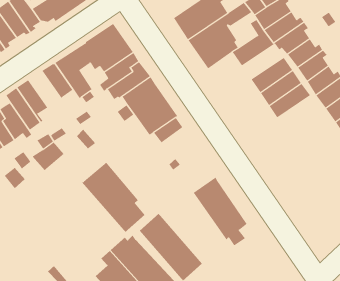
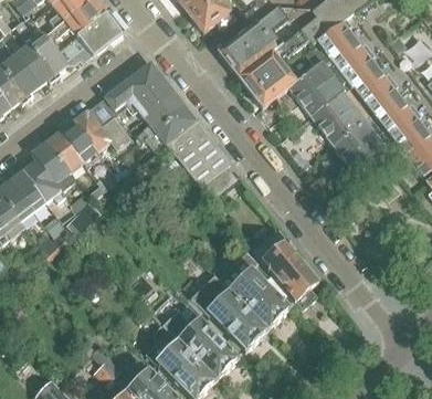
building: none -> [301,74,349,117]
building: none -> [56,120,102,165]
building: none -> [345,130,393,174]
building: [81,162,146,233] -> [215,251,292,332]

